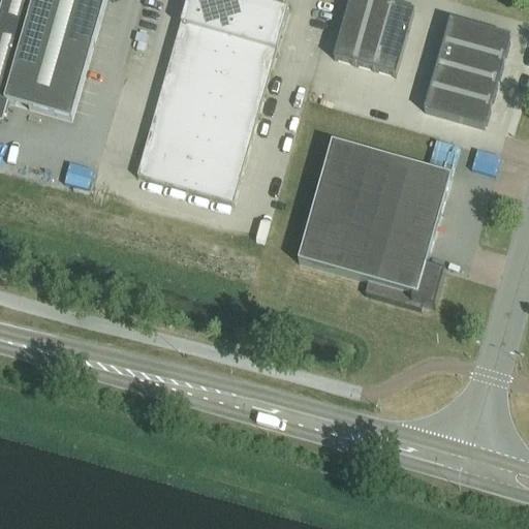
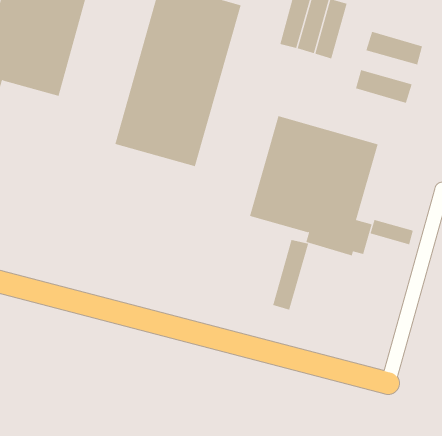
building: [442,14,510,55] -> none
building: [429,60,497,100] -> none
building: none -> [370,219,413,245]
building: none -> [273,239,309,311]

